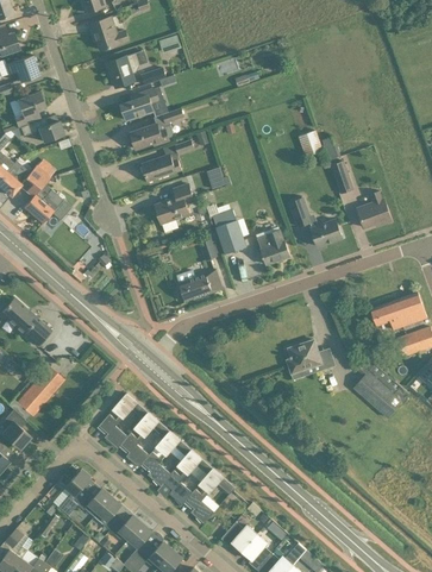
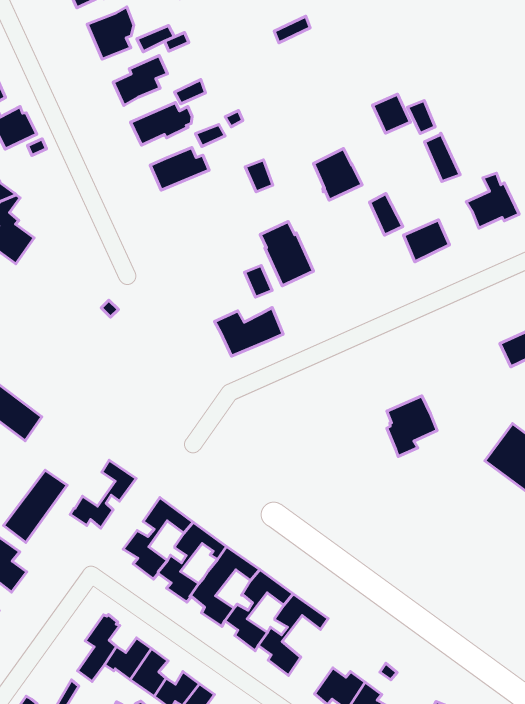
building: [155,183,194,222] -> none
building: [257,230,289,264] -> [314,149,362,200]
building: none -> [70,460,136,528]

